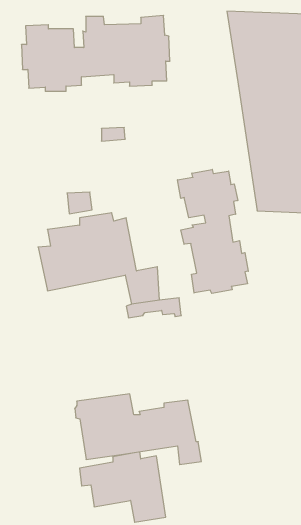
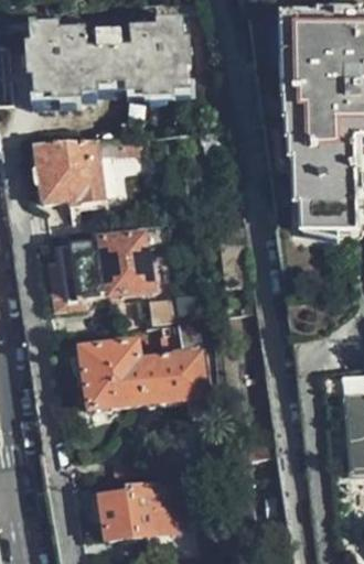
building: none -> [36,138,101,199]
building: [178,169,248,293] -> none
building: [75,394,201,465] -> [76,337,211,412]

